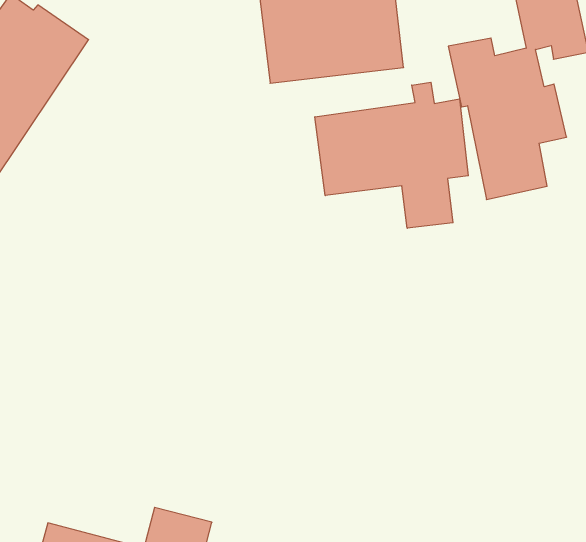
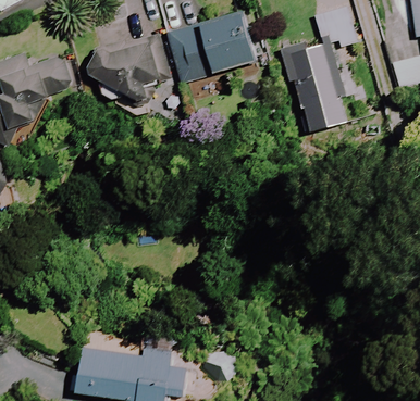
building: none -> [85,42,158,104]
building: [315,82,468,228] -> none

